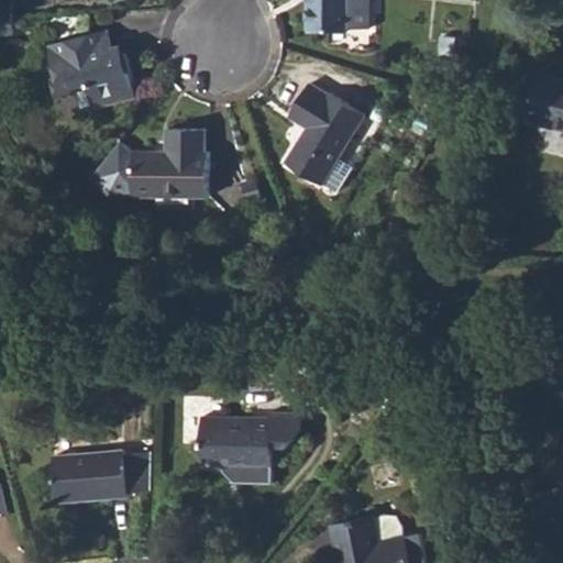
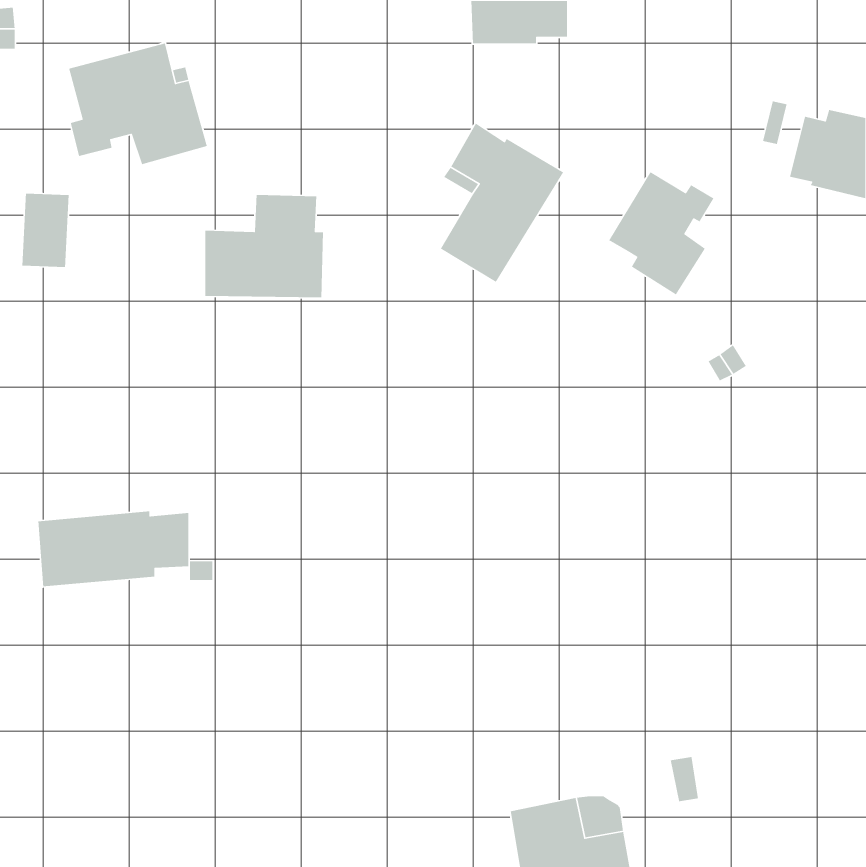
building: none -> [608,171,714,296]
building: [101,143,132,191] -> [22,193,69,268]
building: [199,413,300,472] -> none
building: [51,452,148,501] -> [38,511,189,587]

